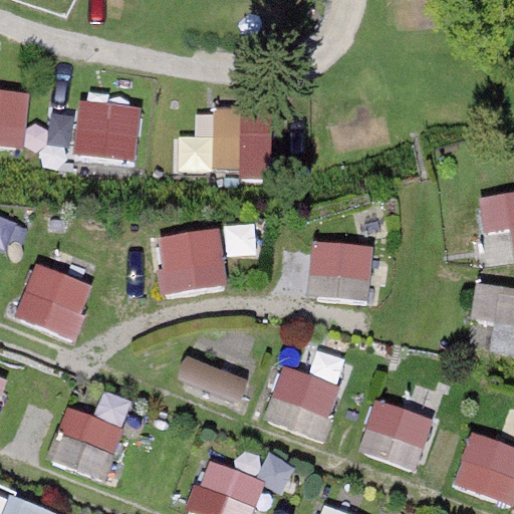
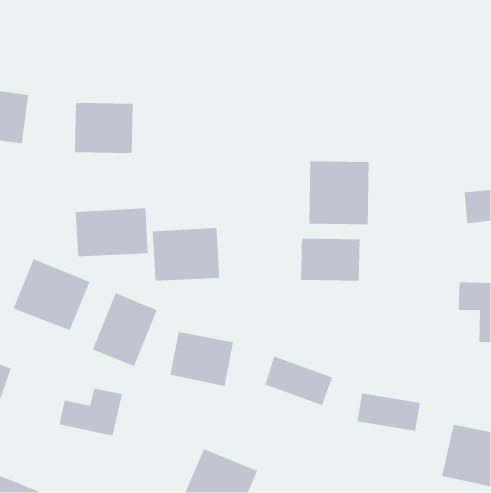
building: [179,107,271,170] -> none
building: none -> [308,160,370,225]
building: none -> [75,207,149,257]
building: none -> [92,292,158,367]

